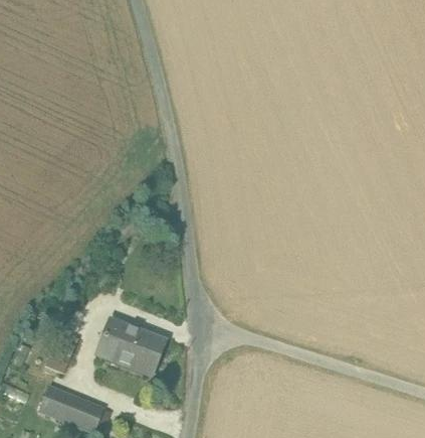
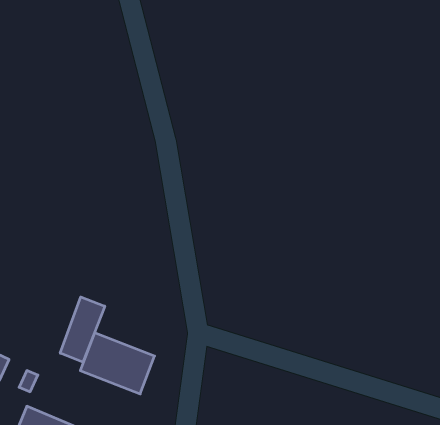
building: none -> [60,297,105,362]

